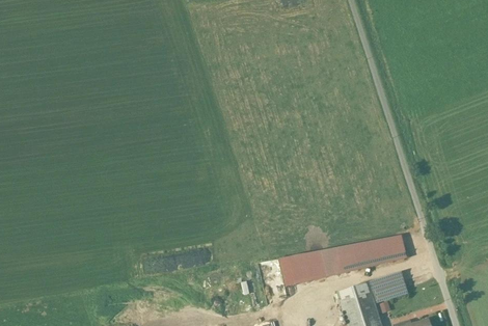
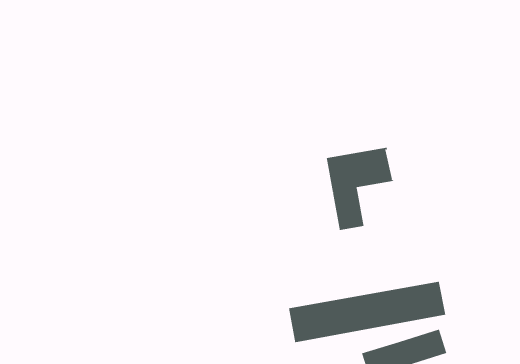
building: none -> [326,147,394,231]

